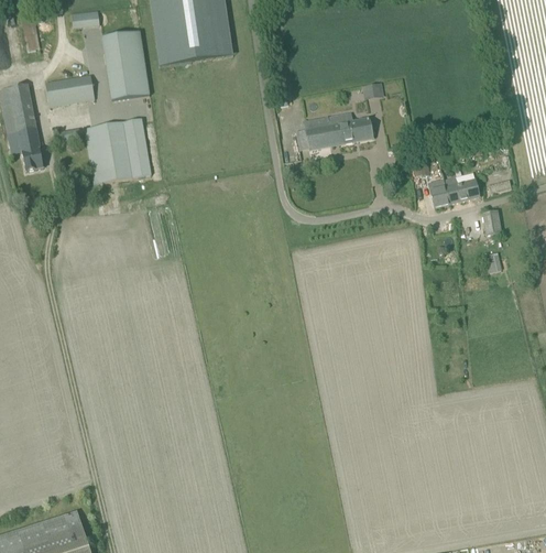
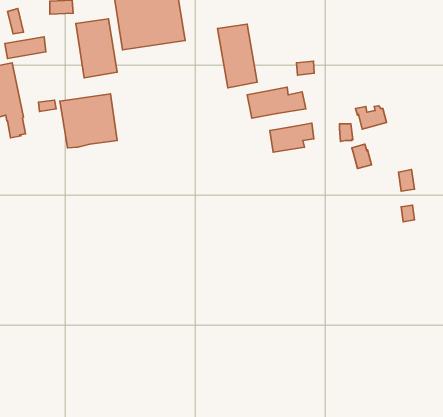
building: none -> [218,24,257,88]
building: [45,77,94,102] -> [5,37,46,58]
building: none -> [270,123,314,152]
building: [443,175,479,203] -> [356,106,386,129]

